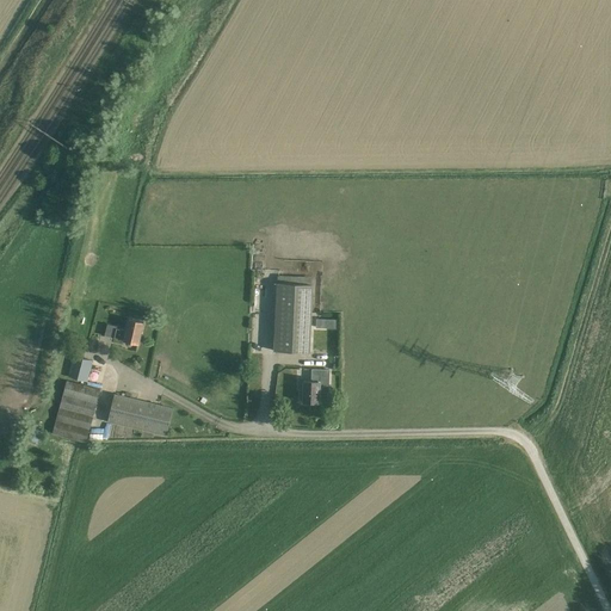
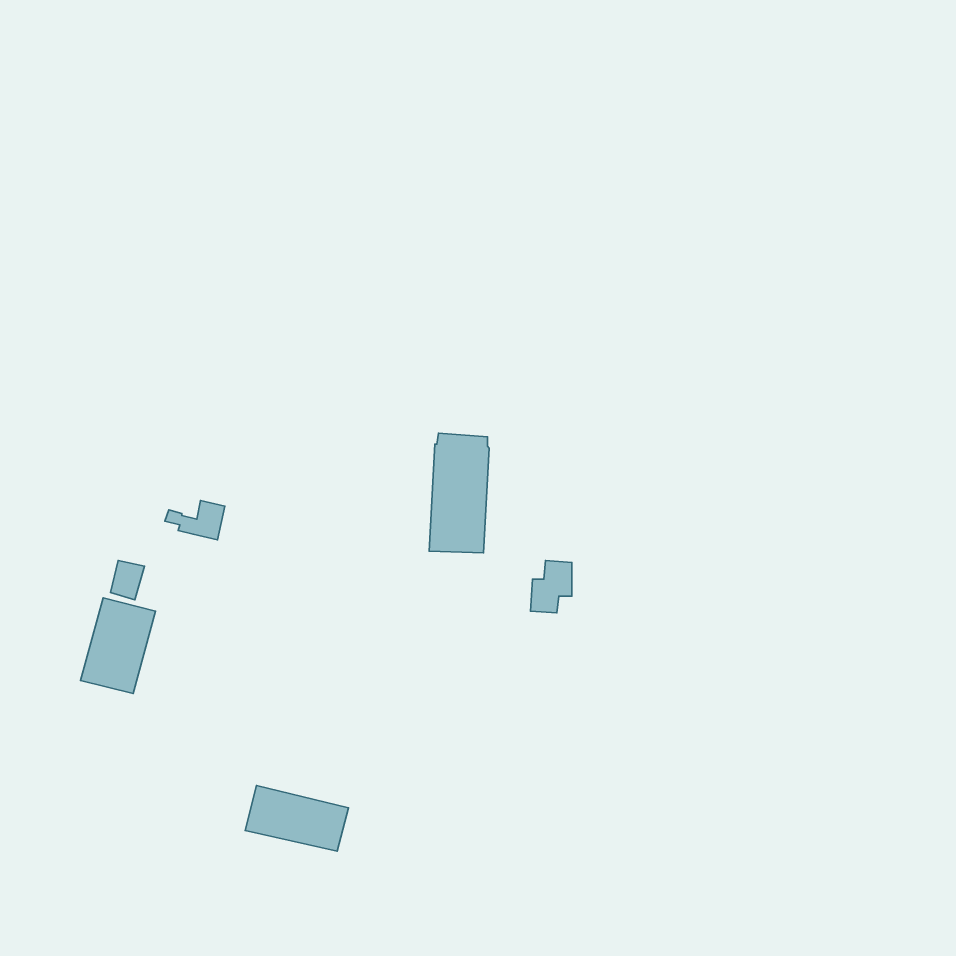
building: [302,370,328,403] -> [531,560,572,613]
building: [106,395,172,437] -> [245,785,348,851]

